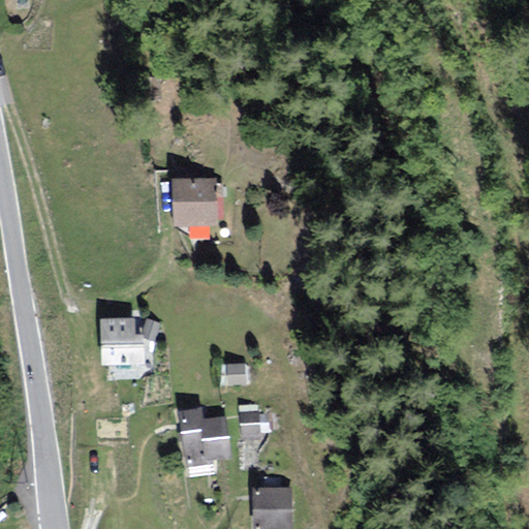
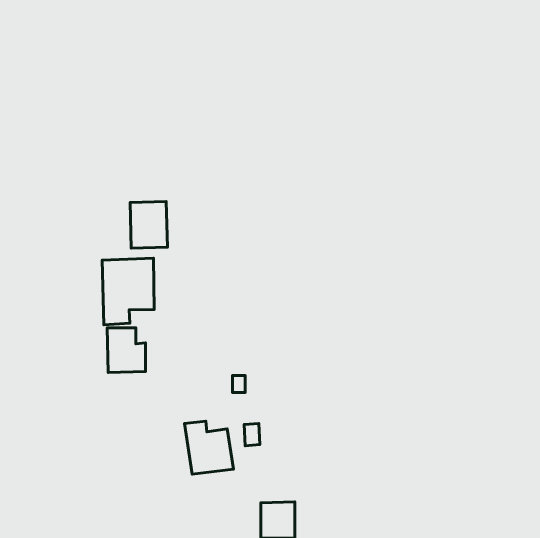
building: [177,178,213,223] -> [130,201,167,248]
building: none -> [102,258,154,325]

